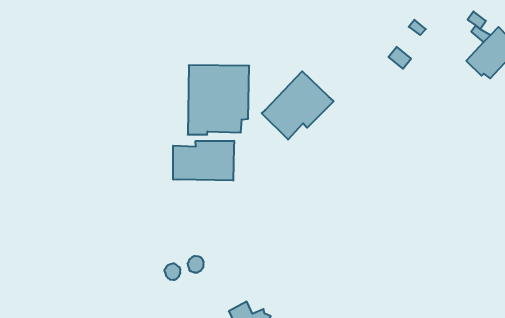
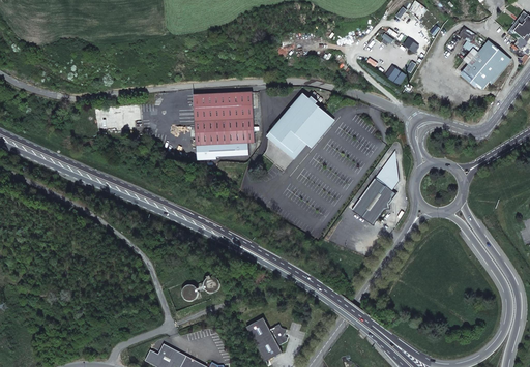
building: none -> [352,151,400,225]
building: [173,141,234,181] -> none

